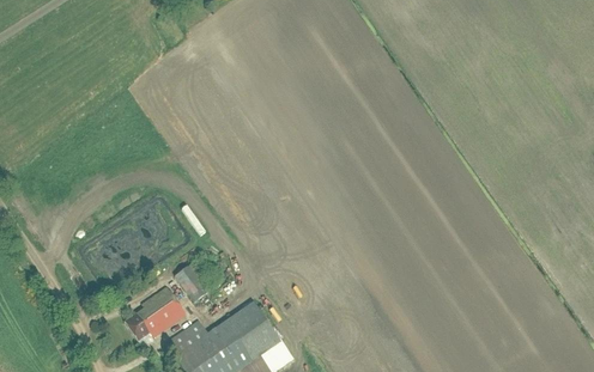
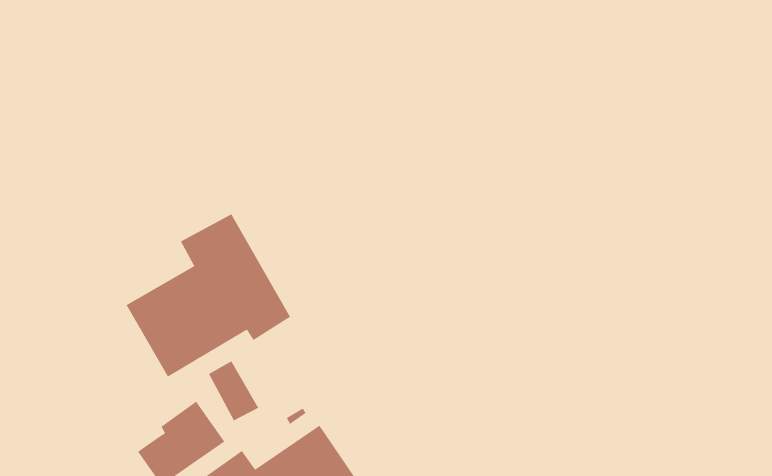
building: none -> [126,213,291,378]

